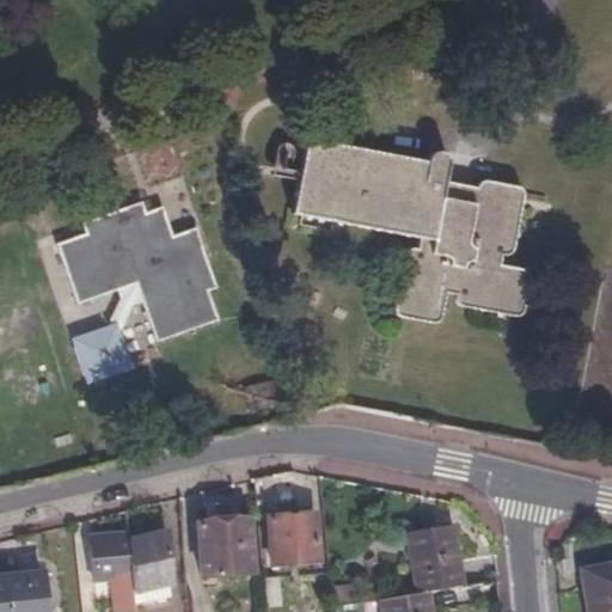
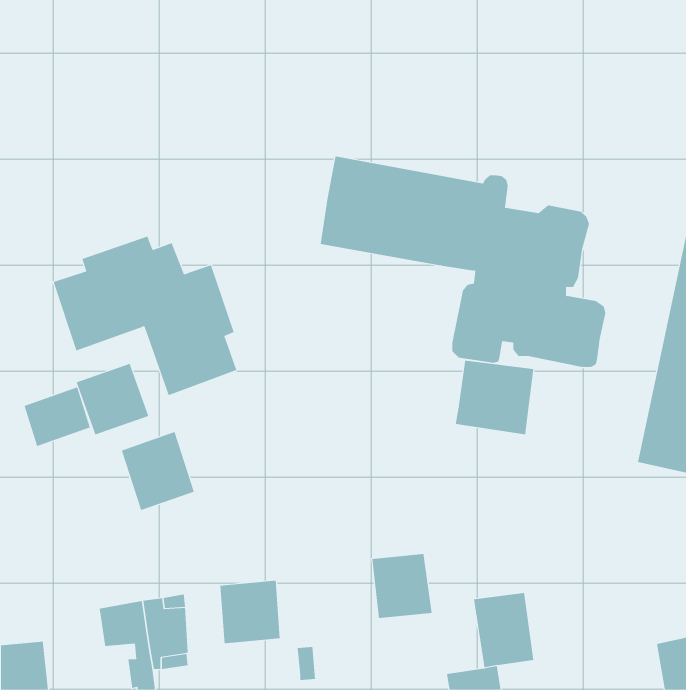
building: none -> [455,360,534,435]
building: none -> [24,387,90,447]
building: none -> [121,431,195,511]
building: [271,503,325,561] -> [371,553,432,619]

